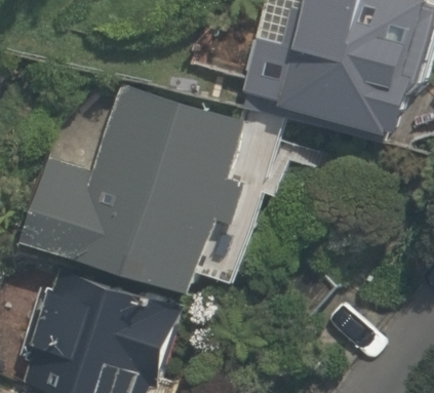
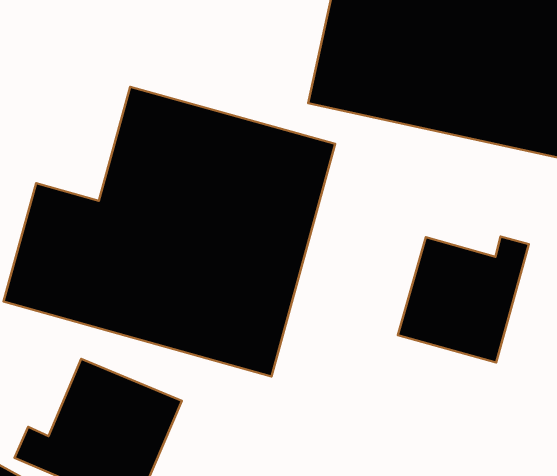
building: none -> [398,237,529,363]

